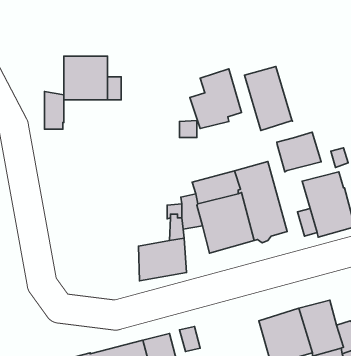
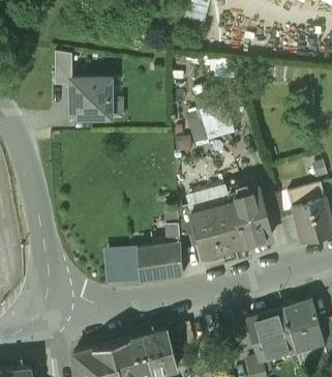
building: [245,66,292,131] -> none
building: [44,92,64,129] -> [55,51,72,85]
building: [277,132,321,172] -> none
building: none -> [107,251,140,284]

